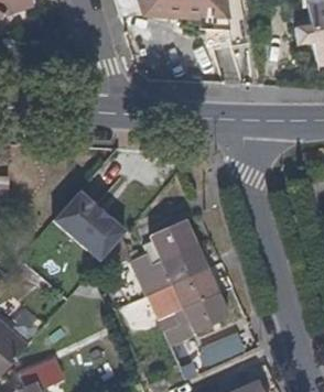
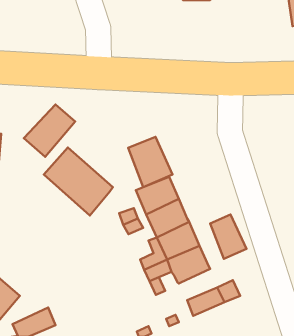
building: none -> [24,104,75,157]
building: none -> [128,137,172,187]
building: none -> [210,214,246,259]

